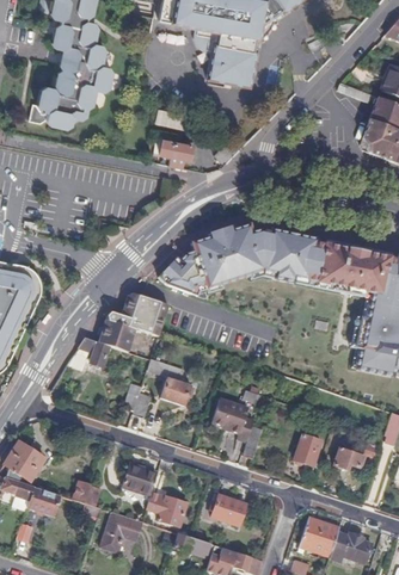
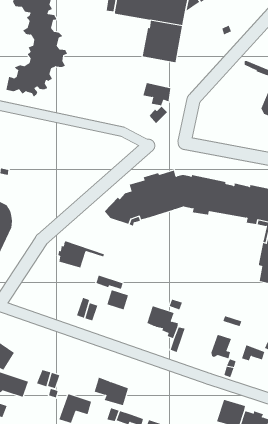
building: [158,137,195,167] -> [142,83,171,106]
building: [108,293,167,332] -> none
building: [68,336,110,369] -> none
building: [122,463,156,493] -> none
building: [211,494,246,525] -> none

